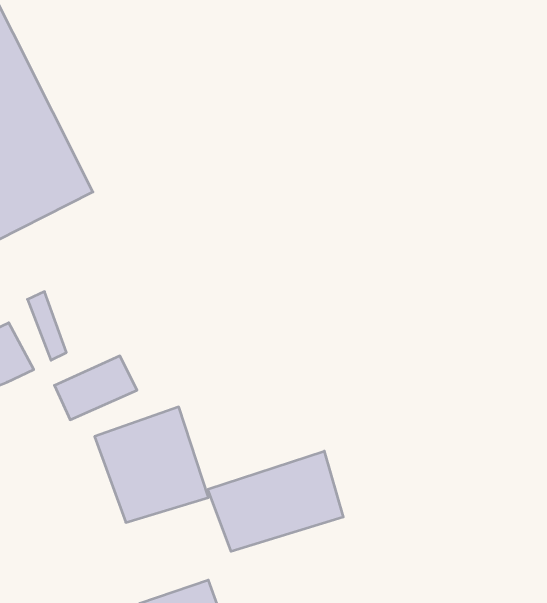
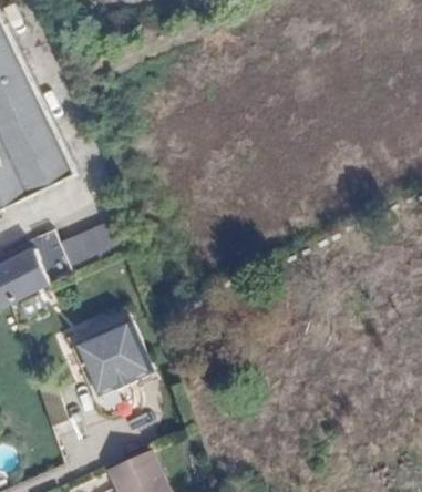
building: [54,356,137,420] -> [58,217,116,263]
building: [208,451,343,551] -> none

